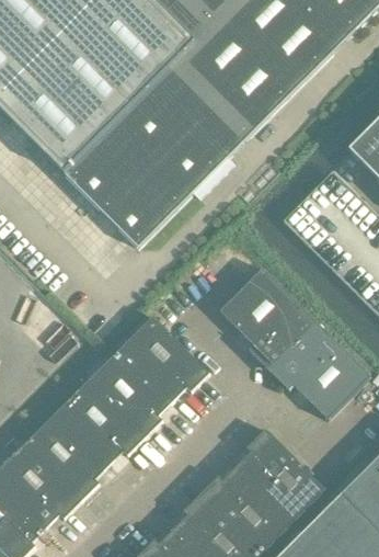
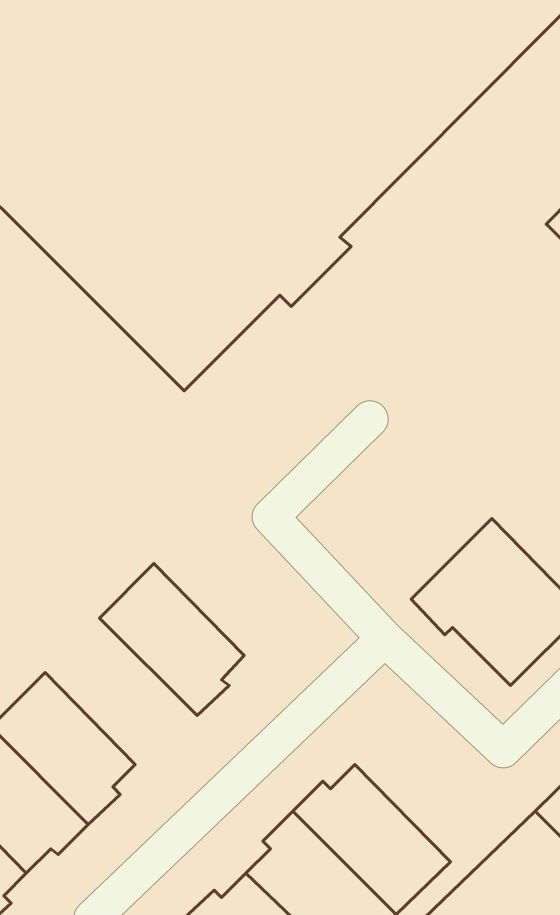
building: [220,266,318,368] -> none
building: [120,315,210,401] -> none
building: [57,379,146,465] -> none
building: [238,428,326,522] -> none

